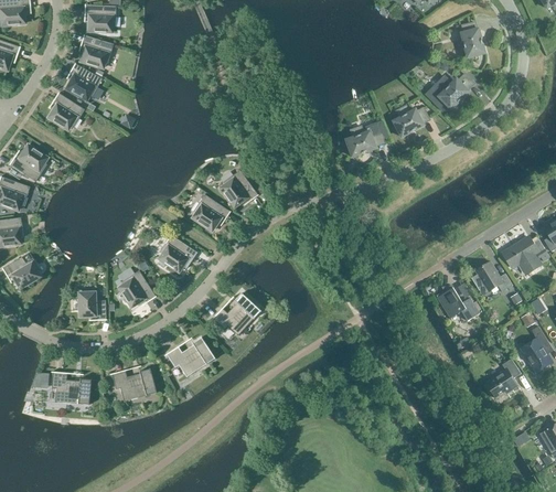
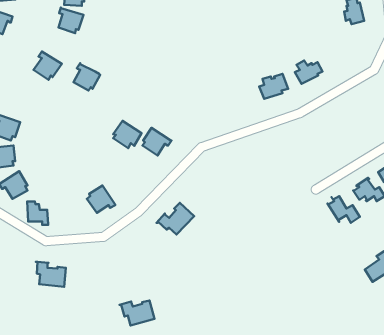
building: [66,63,101,99] -> [73,63,100,91]
building: [427,73,474,110] -> none
building: [9,145,46,181] -> none
building: [221,170,258,206] -> none
building: [159,235,196,271] -> [113,121,142,148]
building: [78,289,106,320] -> [27,202,48,225]
building: [164,338,214,377] -> none
building: [109,368,156,402] -> [120,301,155,326]

